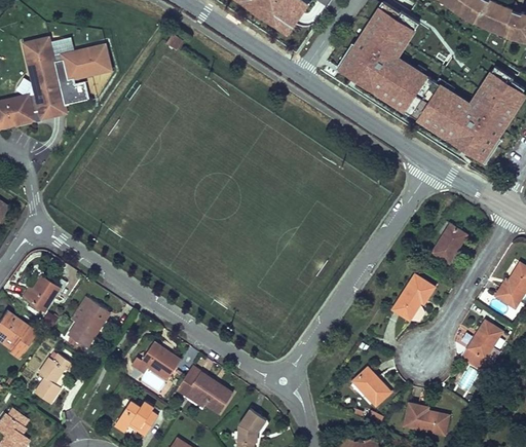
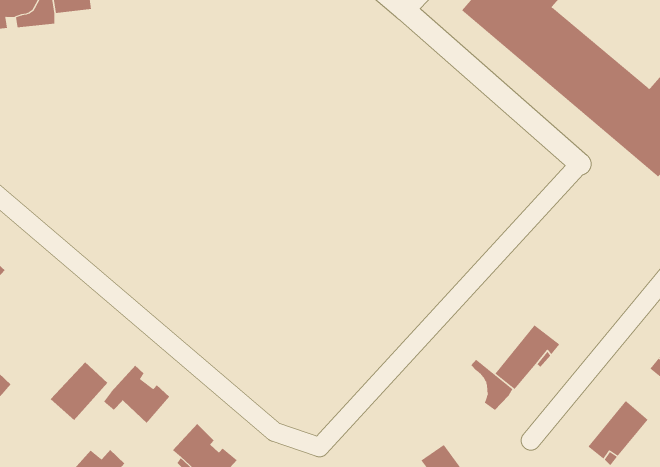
building: [435,223,469,263] -> none
building: none -> [471,359,513,411]
building: [61,304,99,345] -> [50,362,108,421]

